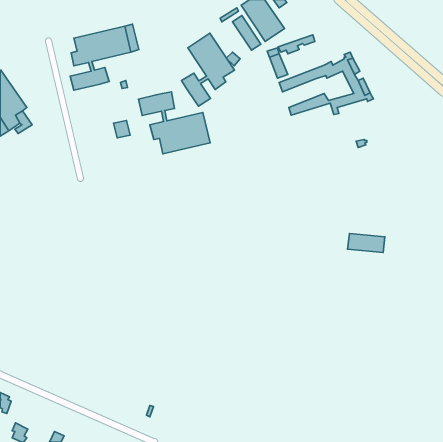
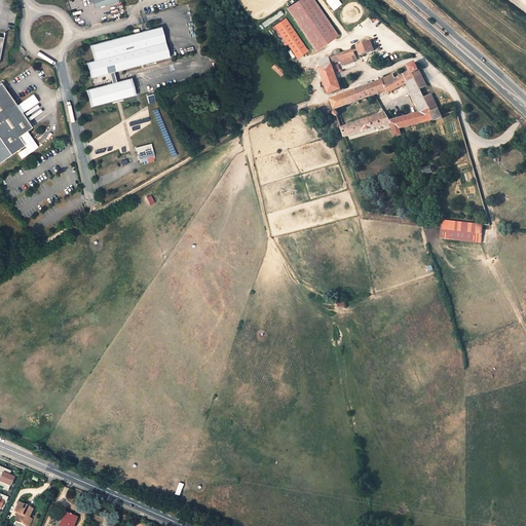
building: [182,33,234,106] -> none
building: [139,92,210,154] -> none
building: [348,233,385,253] -> [439,219,483,241]

